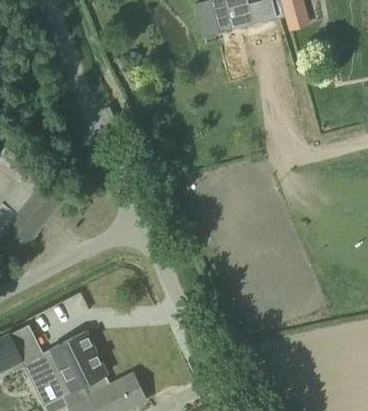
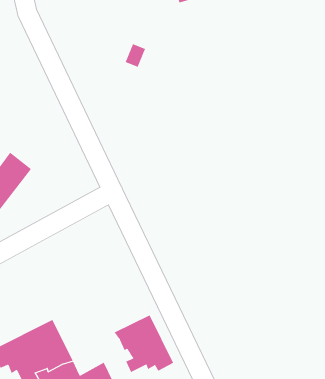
building: none -> [114,314,174,373]

